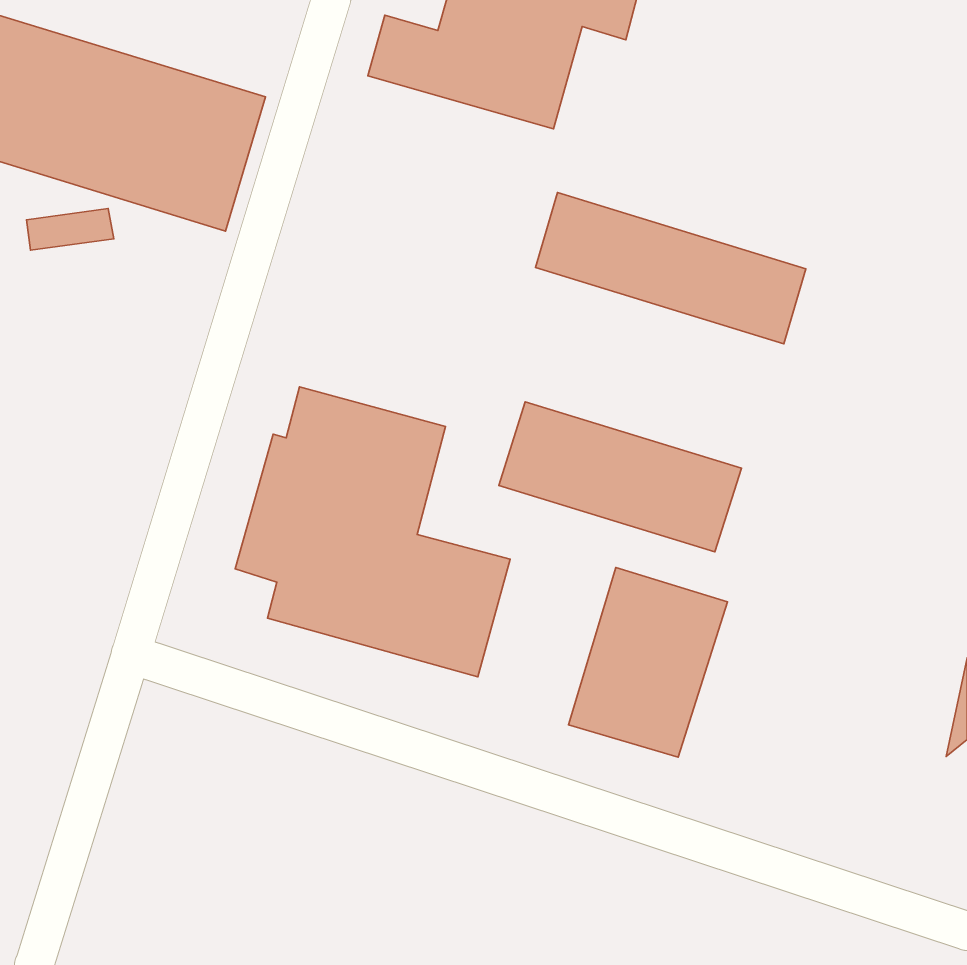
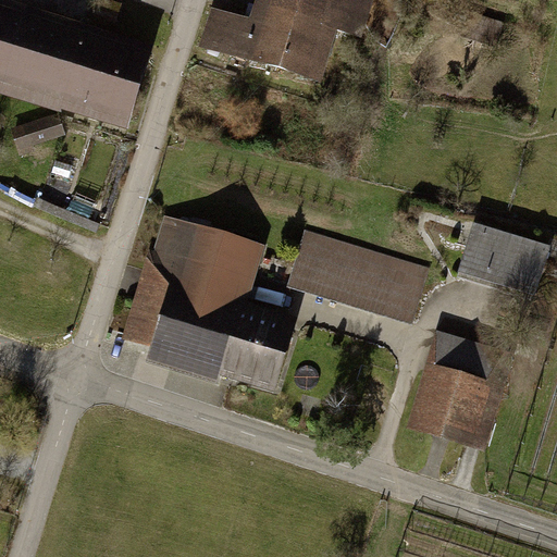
building: [535,192,806,344] -> none
building: none -> [457,224,543,293]
building: [568,568,728,757] -> [413,333,505,442]

